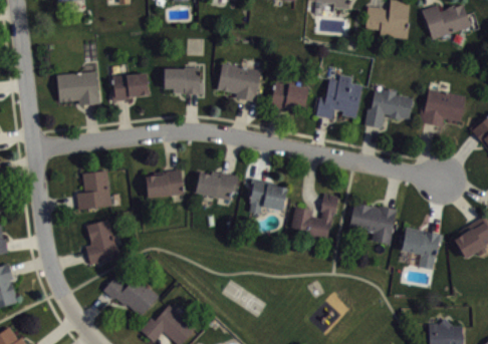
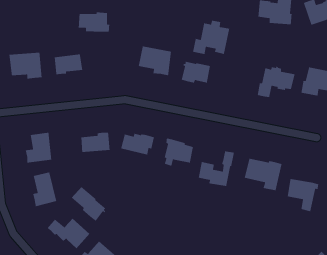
building: [163,67,203,93] -> [78,12,110,33]
building: [315,75,362,118] -> [192,20,230,55]
building: none -> [71,186,107,222]

